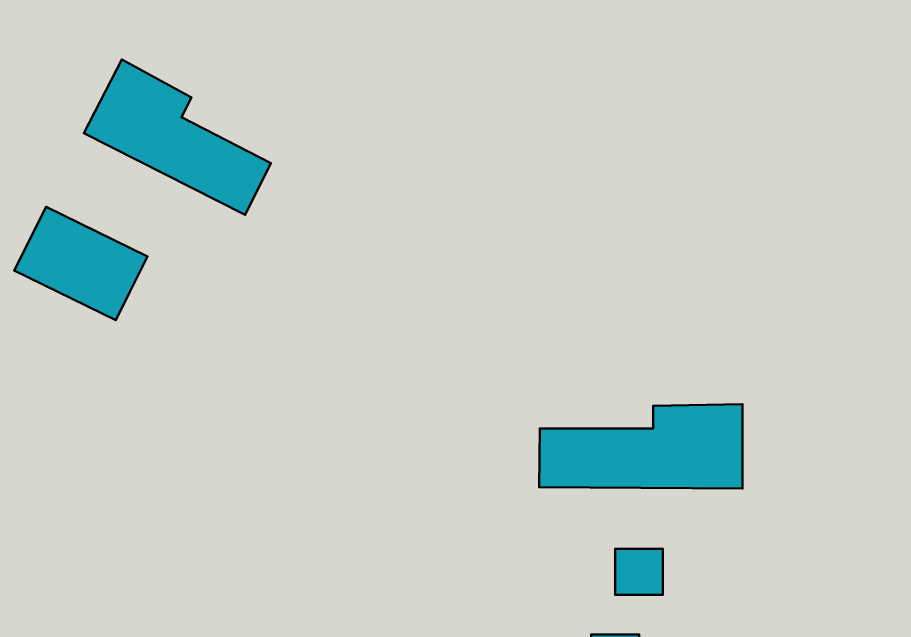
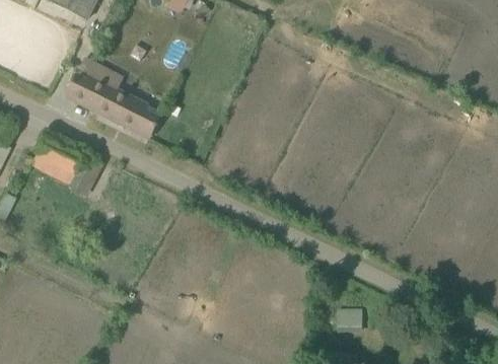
building: [539,404,743,488] -> none

